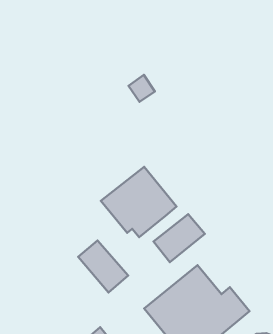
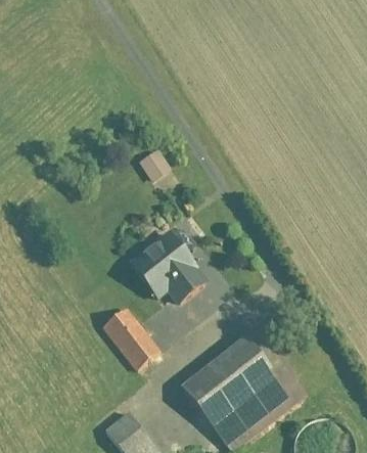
building: [129,75,155,102] -> [137,148,169,181]
building: [153,214,205,262] -> none

